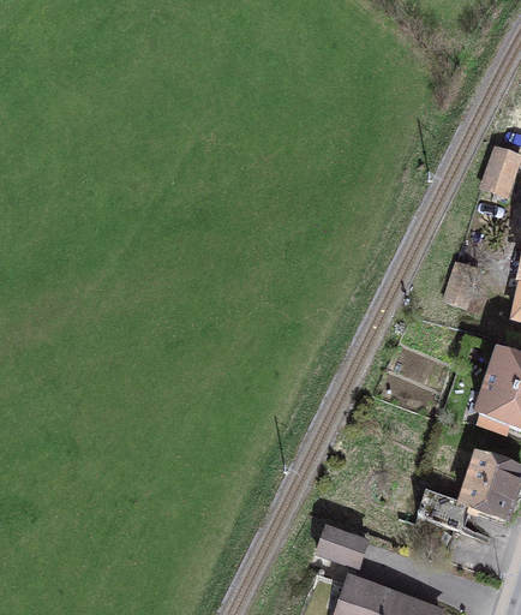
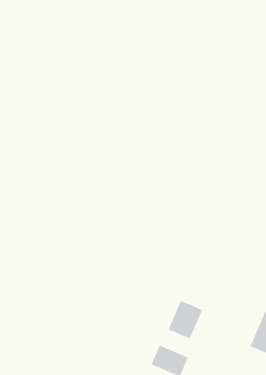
building: none -> [167,300,203,340]

